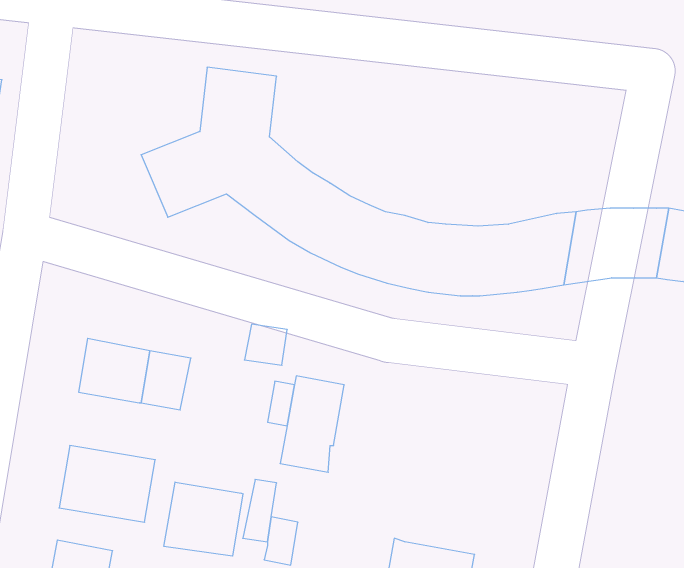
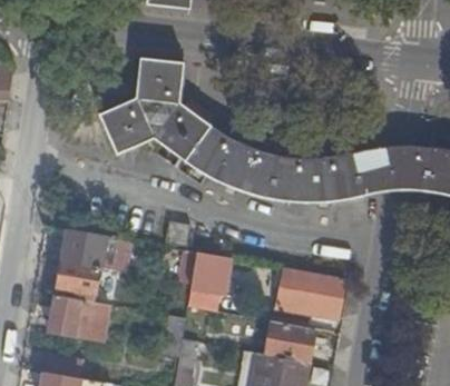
building: none -> [58,261,99,293]
building: none -> [277,267,343,318]
building: [164,482,243,556] -> none
building: none -> [265,321,315,363]

